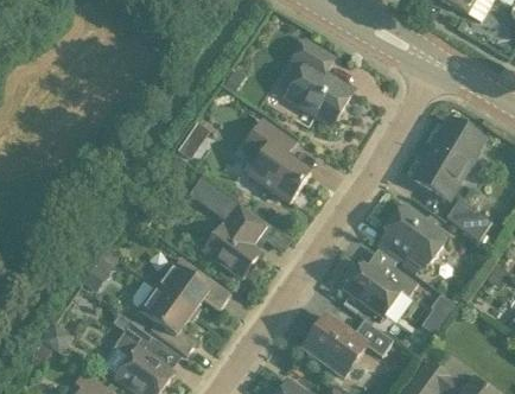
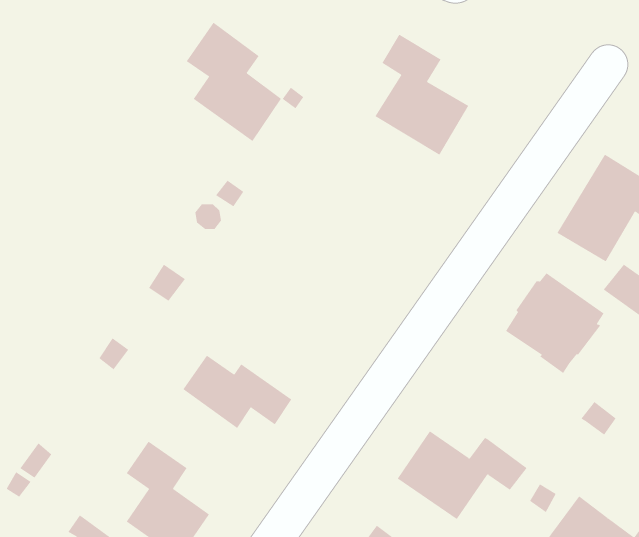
building: [243,119,310,202] -> [186,22,282,142]
building: [189,176,267,277] -> none
building: [344,261,418,319] -> none
building: [132,280,196,355] -> none

